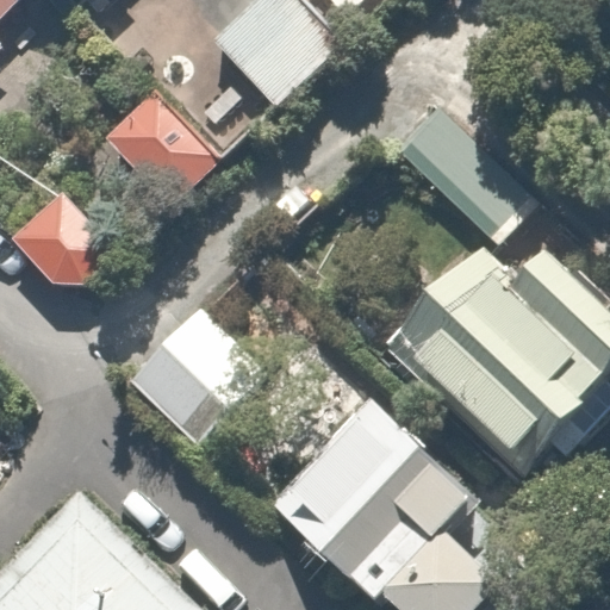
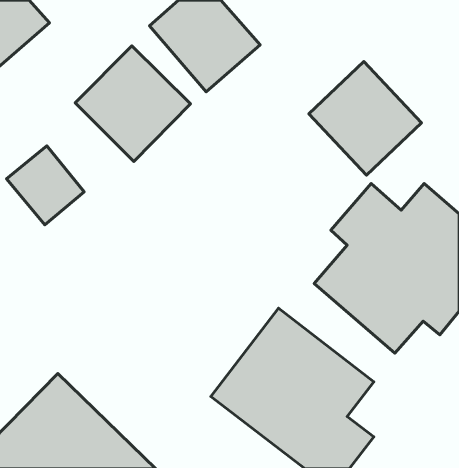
building: [125,310,262,447] -> none

